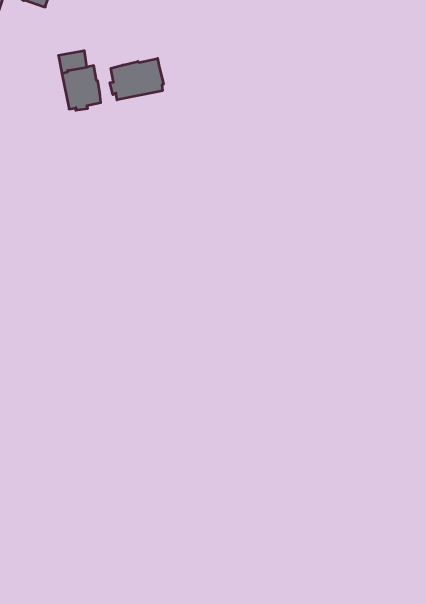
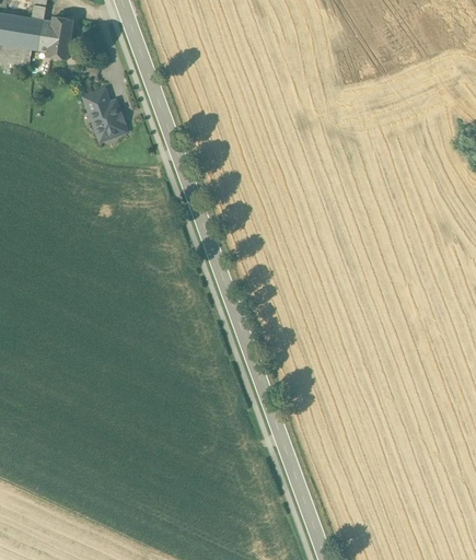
building: [110,58,163,100] -> none

